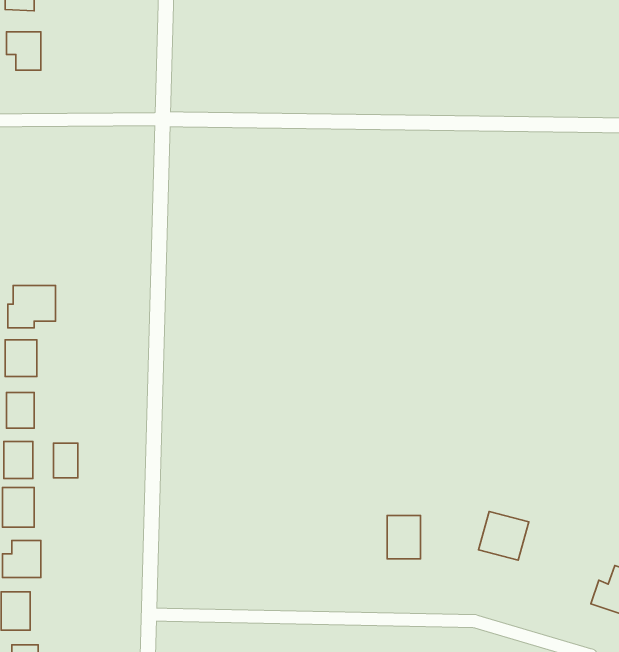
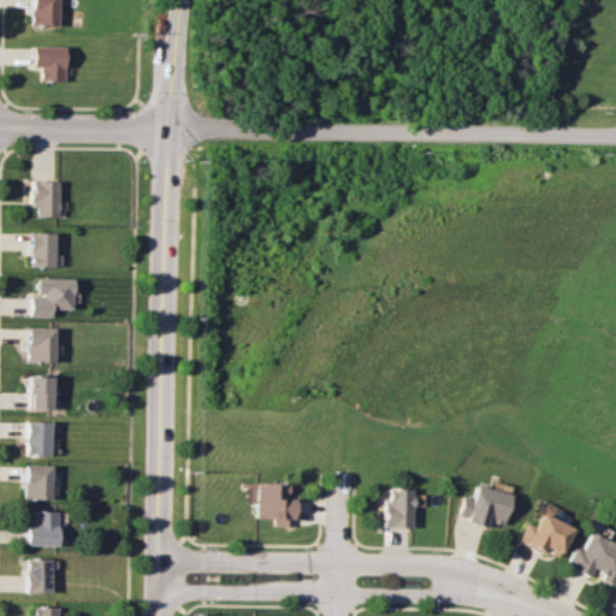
building: none -> [38,180,65,217]
building: none -> [35,233,61,267]
building: [53,443,78,478] -> none
building: none -> [255,484,294,527]
building: none -> [522,513,570,559]

